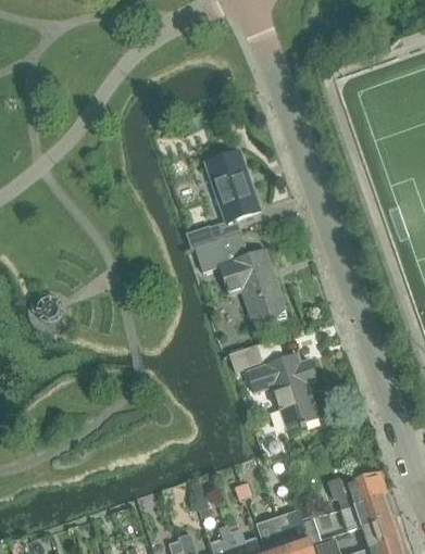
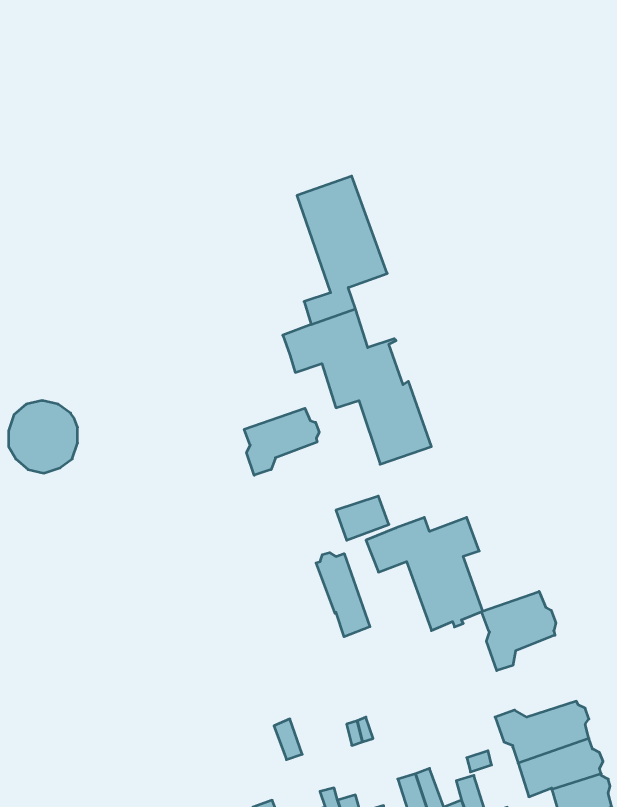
building: none -> [244,408,319,475]
building: none -> [316,553,370,637]
building: none -> [482,591,556,671]

